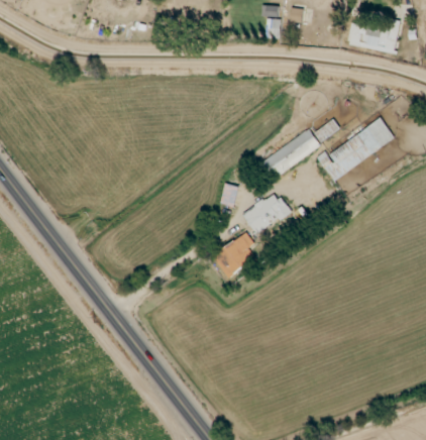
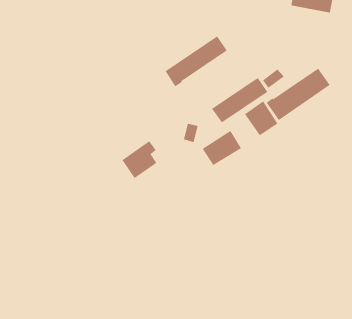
building: none -> [165,35,227,87]
building: none -> [244,101,278,136]
building: [212,232,254,278] -> [122,140,157,179]

